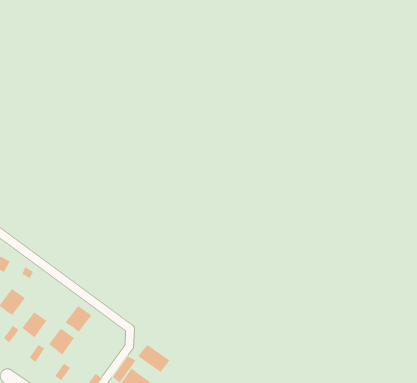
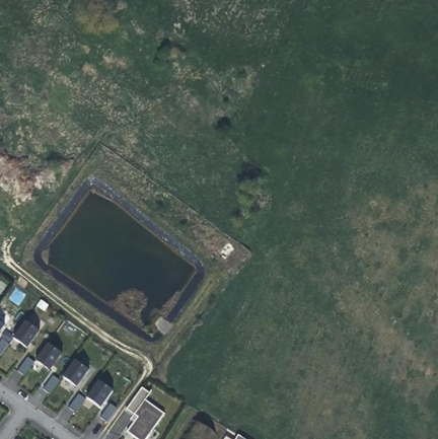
building: [65,305,92,333] -> [85,379,113,407]
building: [138,344,170,373] -> none

